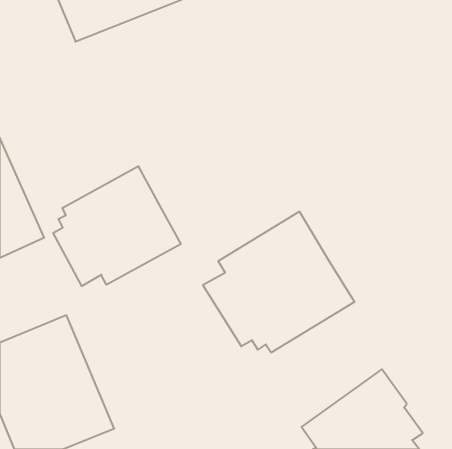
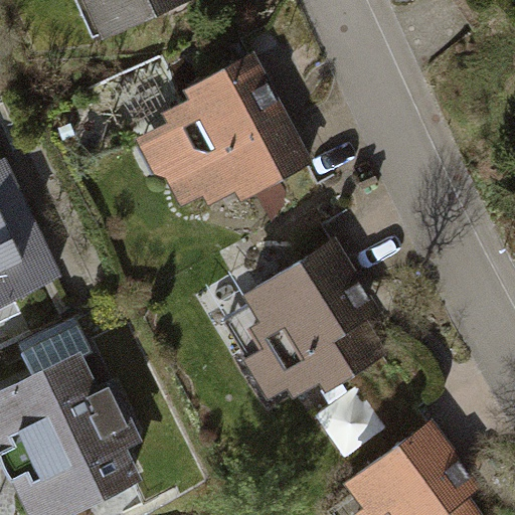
building: none -> [139,53,314,204]
building: [53,166,181,286] -> none

